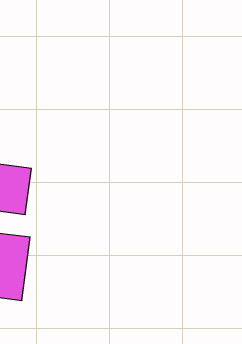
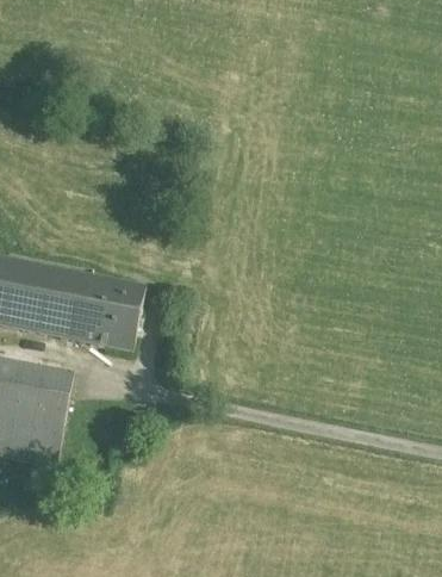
building: none -> [71,274,138,350]

